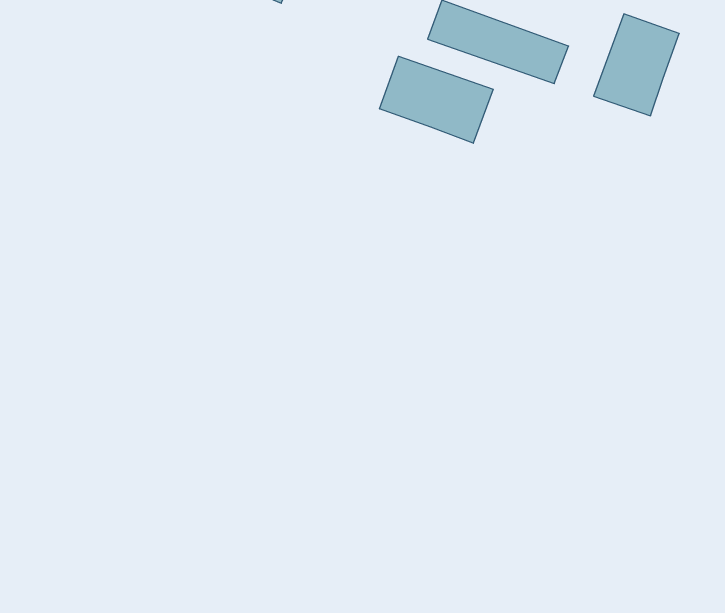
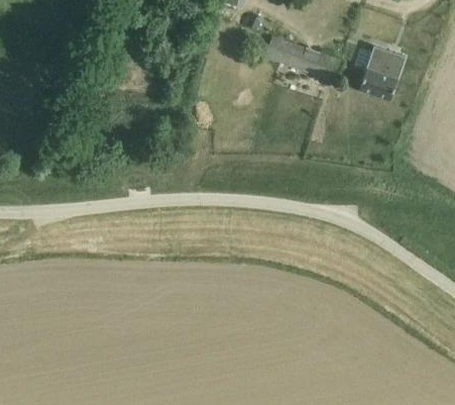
building: [380,56,493,143] -> none

